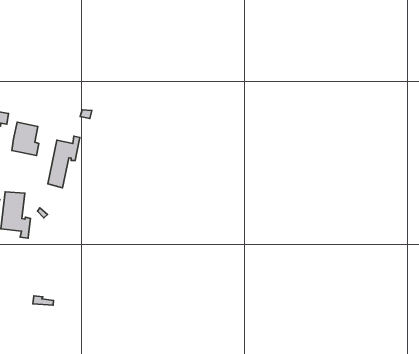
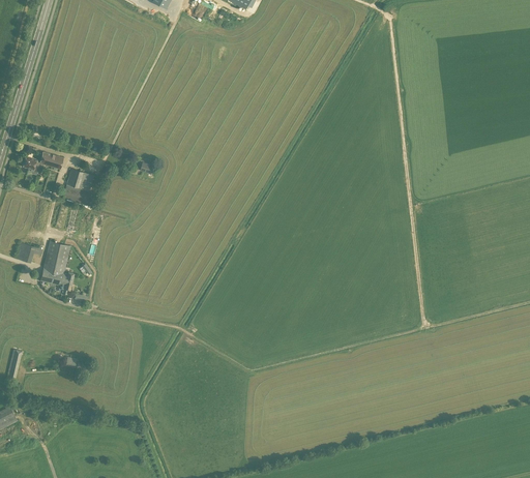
building: [48,136,80,188] -> none

